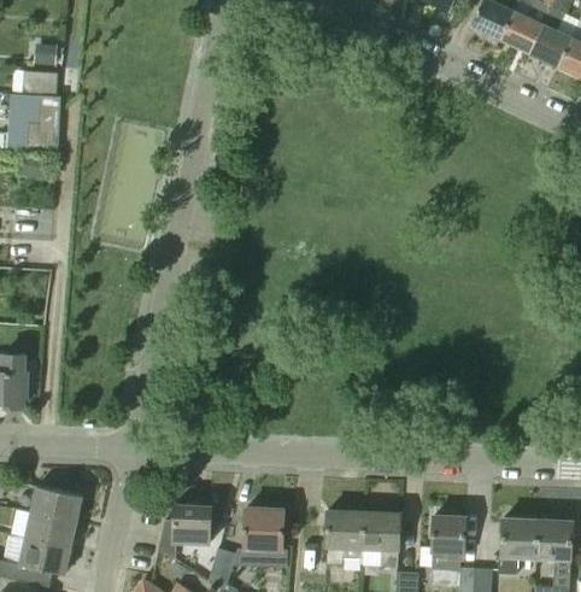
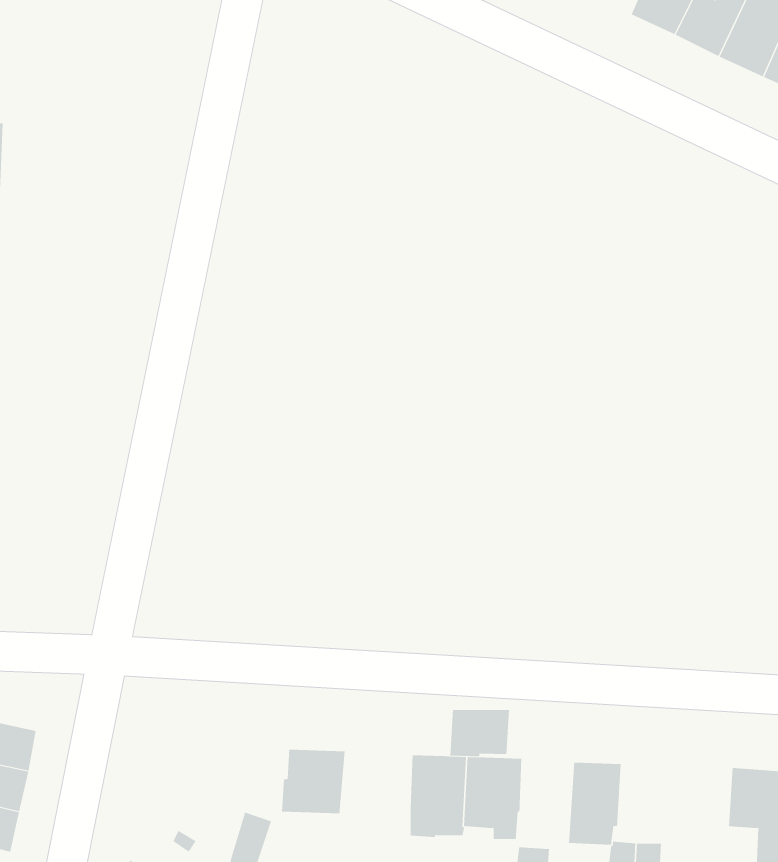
building: none -> [450,709,509,757]
building: [174,504,211,544] -> none
building: [498,518,538,575] -> none

